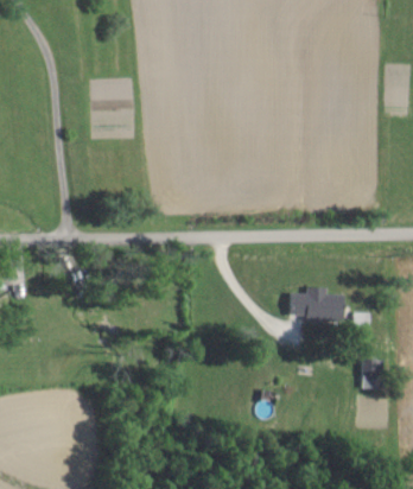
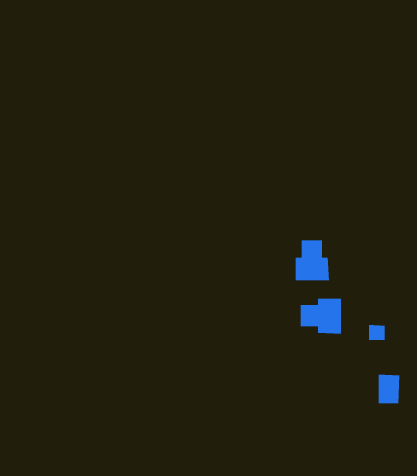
building: none -> [295,239,330,281]

